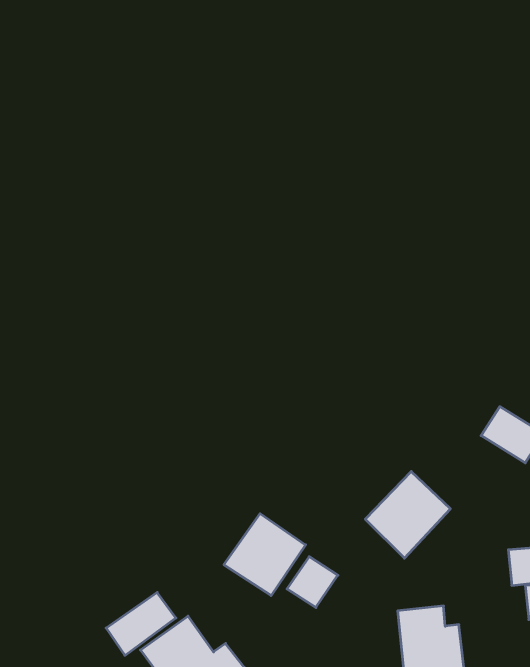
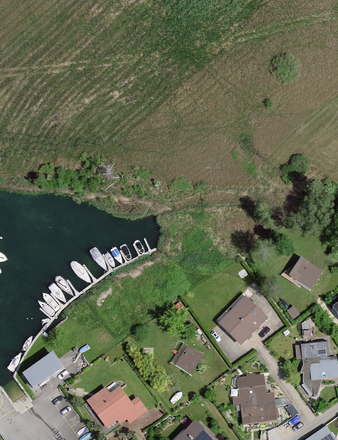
building: [224,514,306,596] -> none
building: [106,592,176,655] -> [23,353,64,390]

